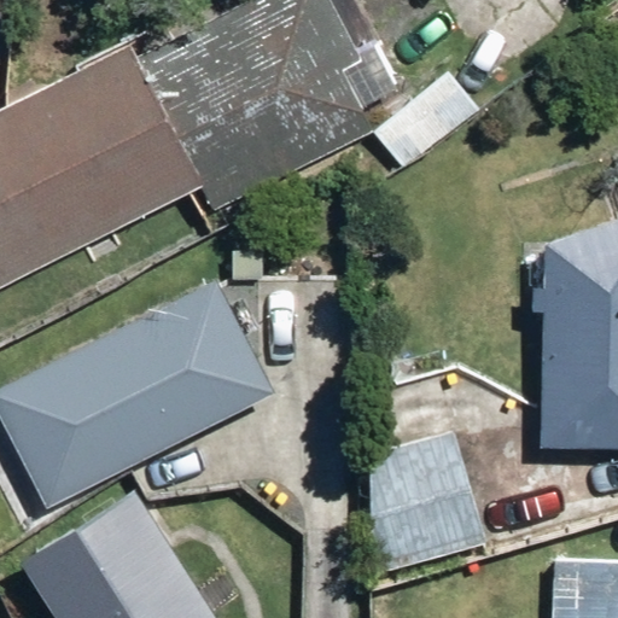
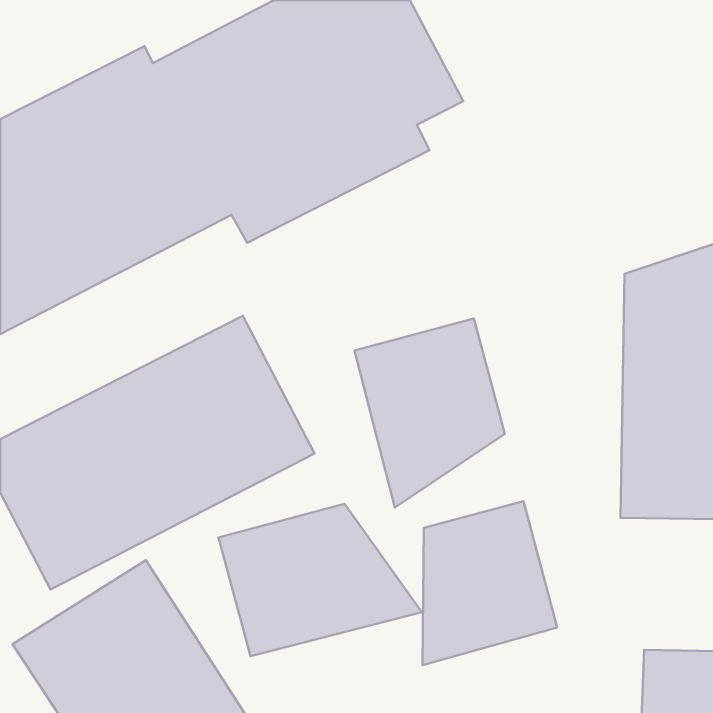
building: none -> [355,319,505,508]
building: none -> [218,504,422,656]

